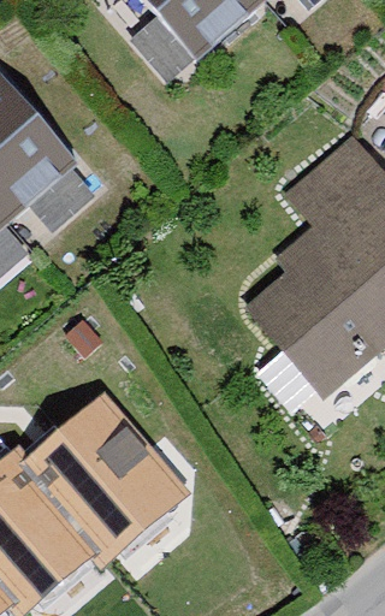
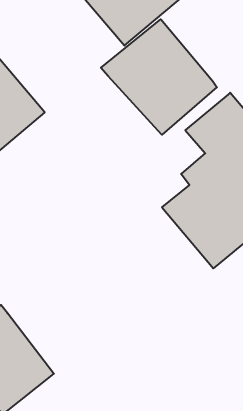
building: none -> [101,19,217,135]
building: [26,395,182,558] -> none

